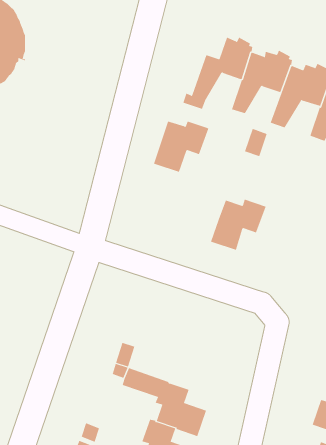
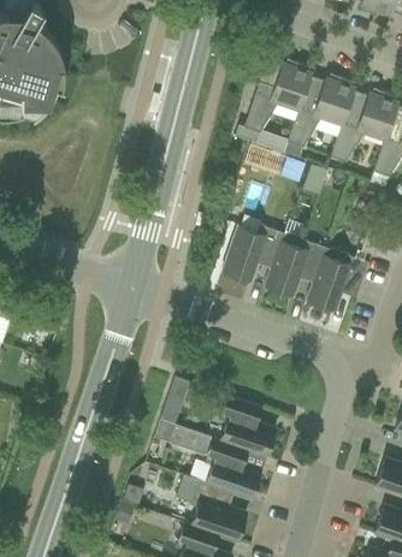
building: [153,121,209,173] -> [221,225,283,282]
building: none -> [306,248,367,310]
building: none -> [218,395,274,457]

